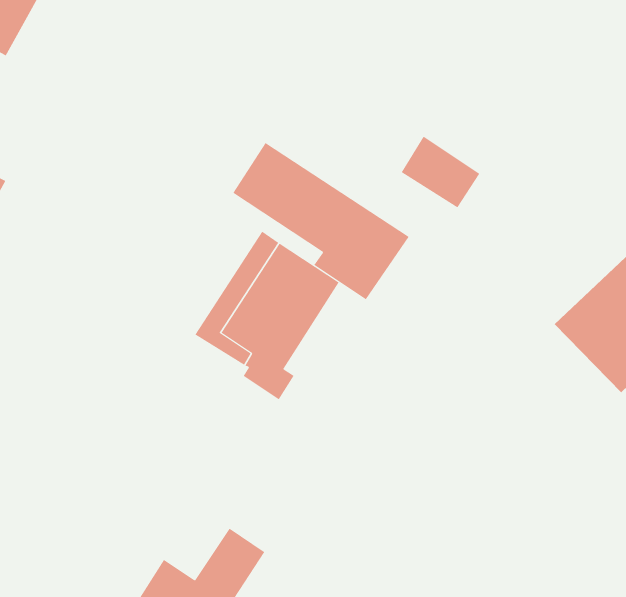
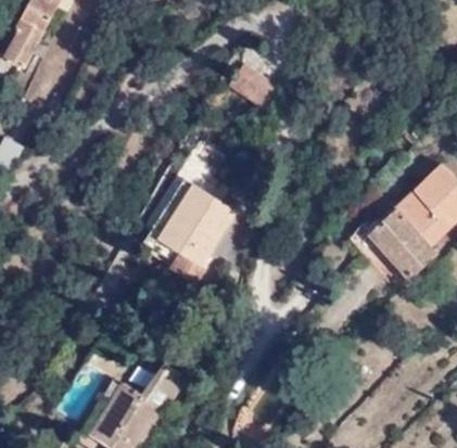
building: [401,136,480,208] -> [227,61,277,106]
building: [232,142,410,300] -> none

